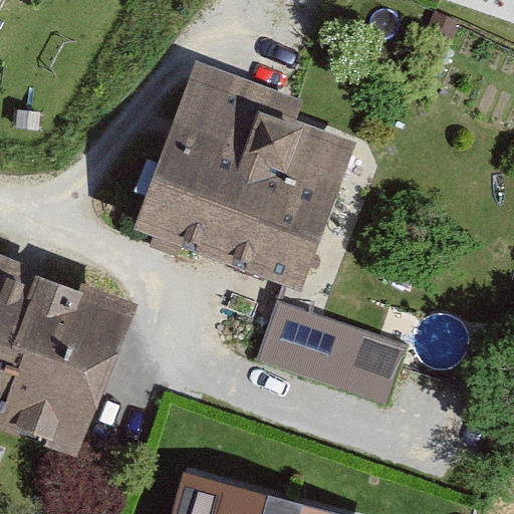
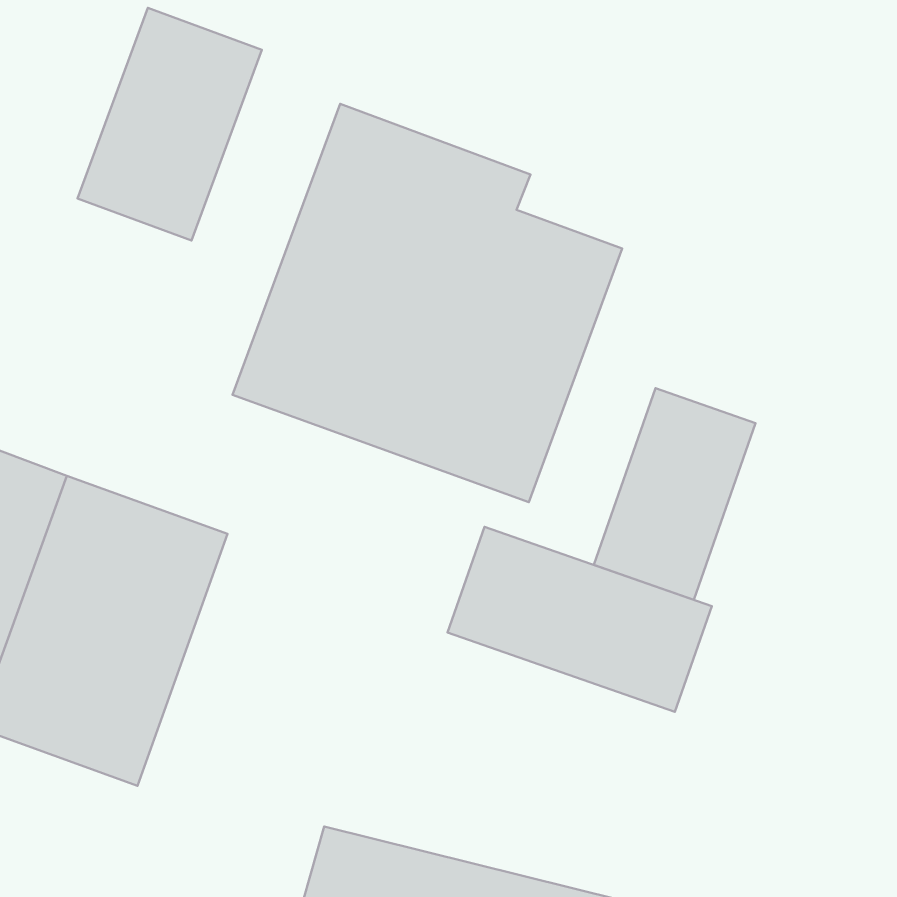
building: none -> [77,8,262,240]
building: none -> [594,388,755,600]

